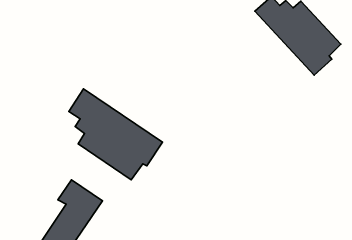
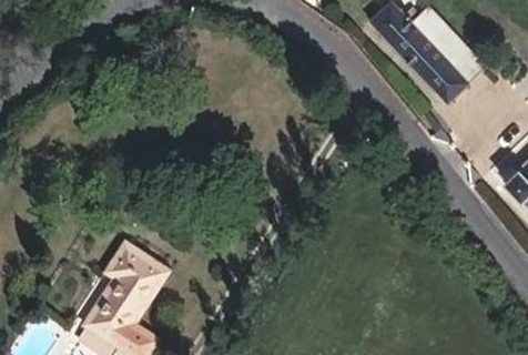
building: [69,89,162,180] -> none

